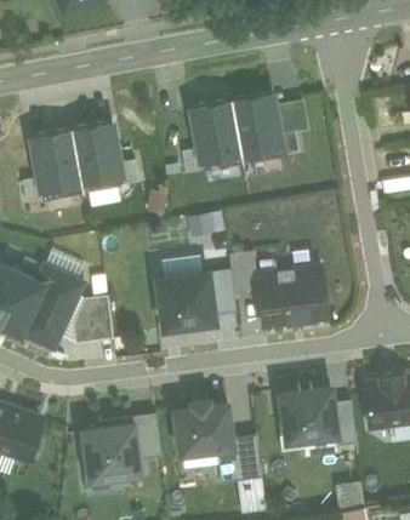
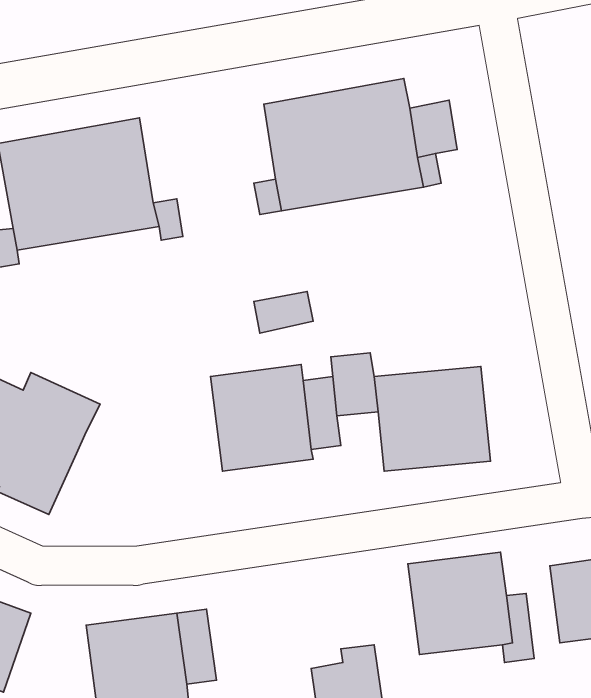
building: [73,303,110,348] -> none
building: [171,399,237,456] -> none

